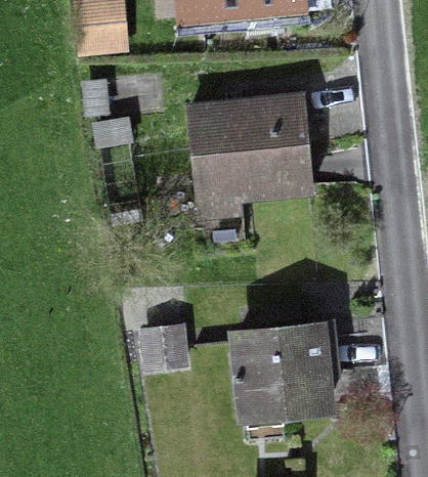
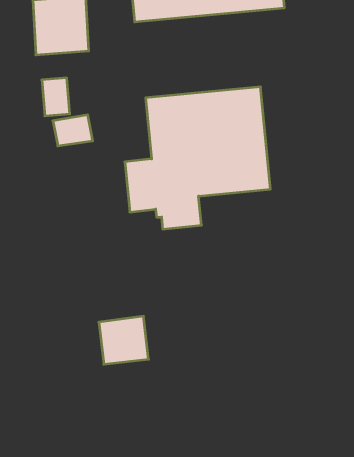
building: [227,318,340,423] -> none

